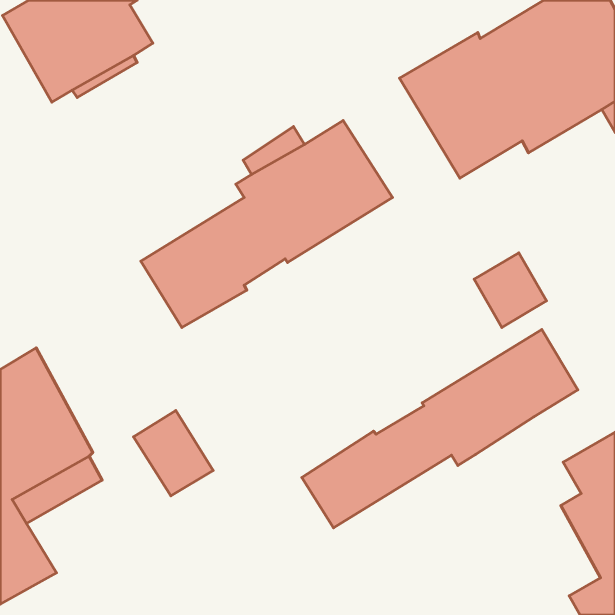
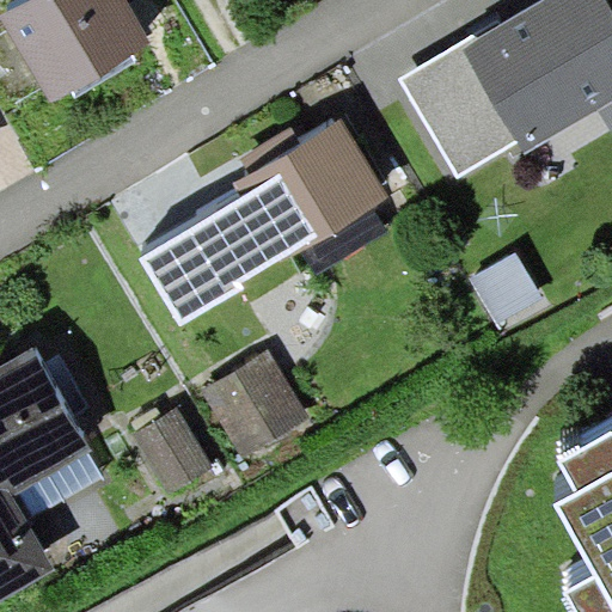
building: [302,329,578,528] -> none
building: none -> [202,349,312,459]

